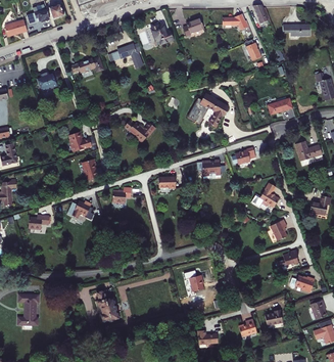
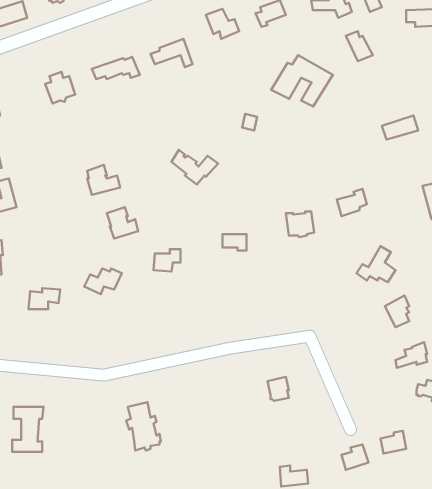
building: [186,93,228,128] -> [271,55,333,106]

